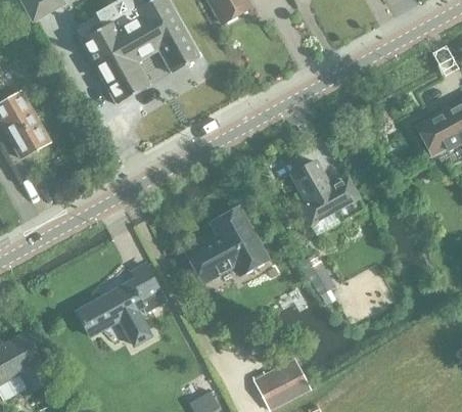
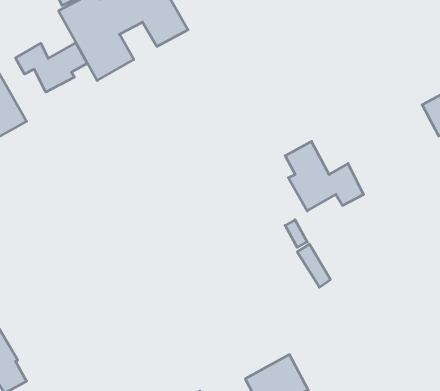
building: none -> [16,43,87,92]
building: [185,207,268,285] -> none
building: [77,264,165,344] -> none

